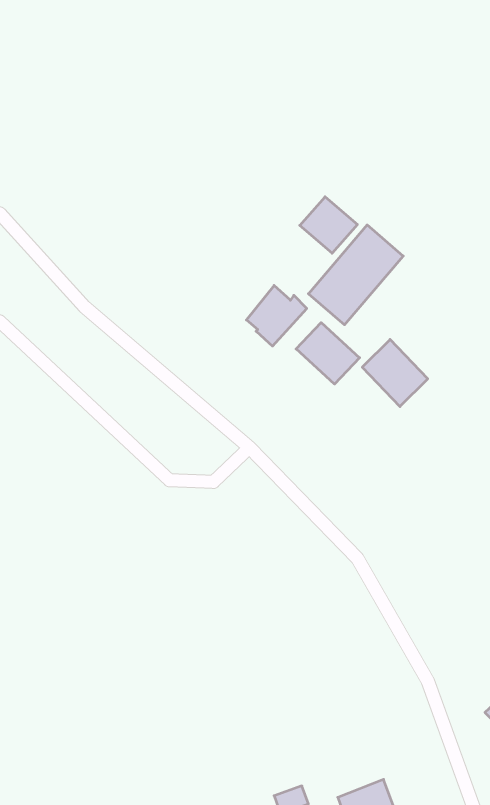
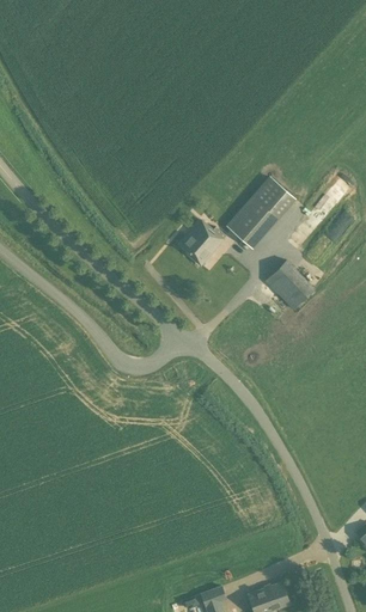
building: [300,197,357,253] -> none
building: [296,323,360,384] -> none

